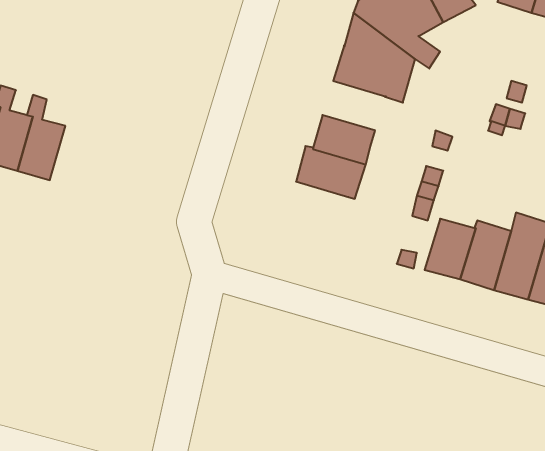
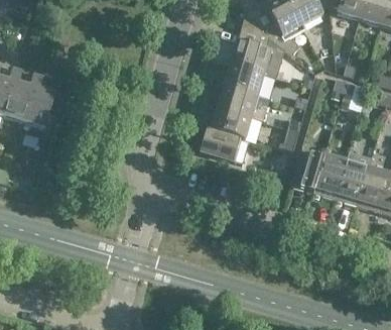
building: none -> [225,63,266,95]
building: none -> [201,128,250,163]

